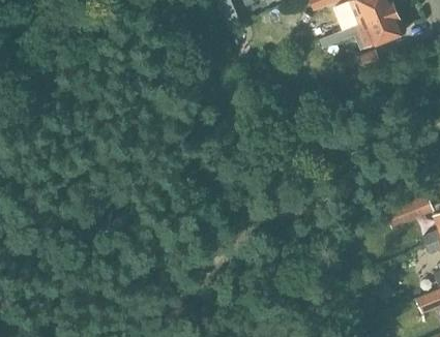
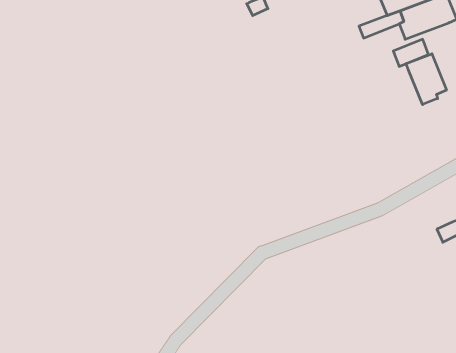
building: none -> [406,54,446,105]

